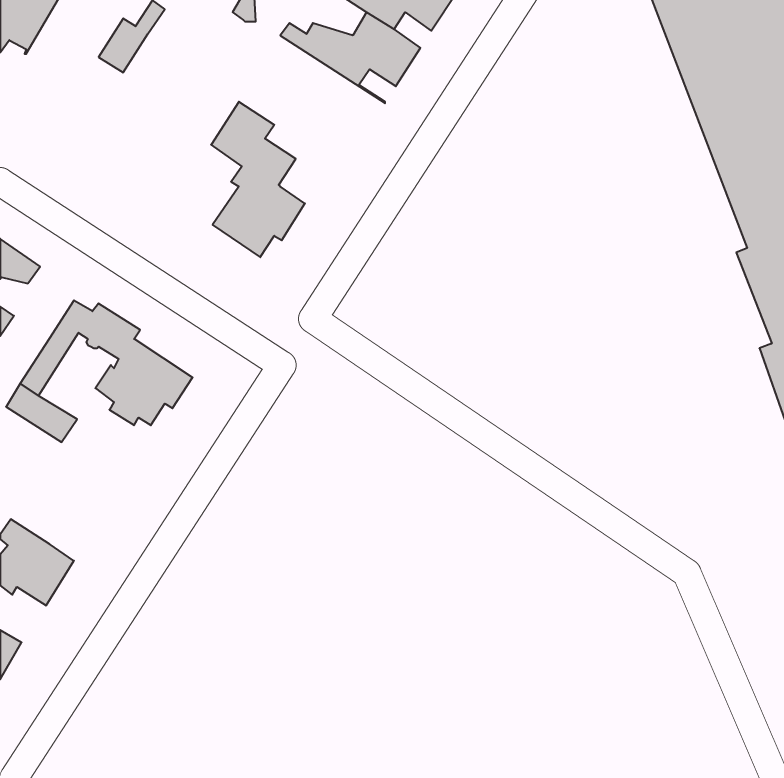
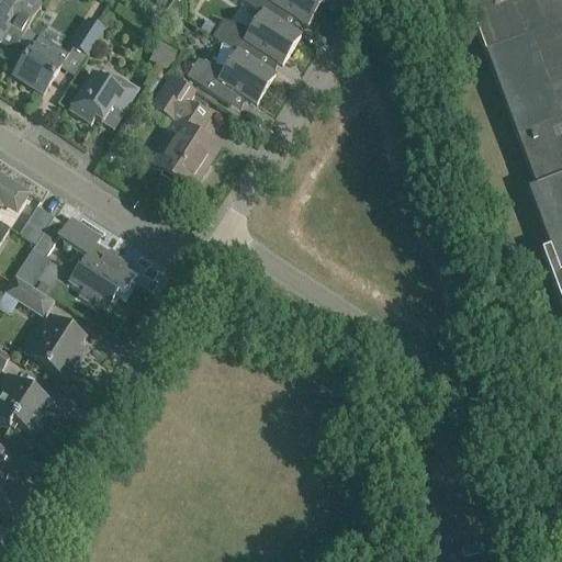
building: none -> [189,25,277,101]
building: none -> [15,41,71,90]
building: none -> [70,69,142,121]
building: none -> [21,203,55,241]
building: none -> [27,314,88,378]

